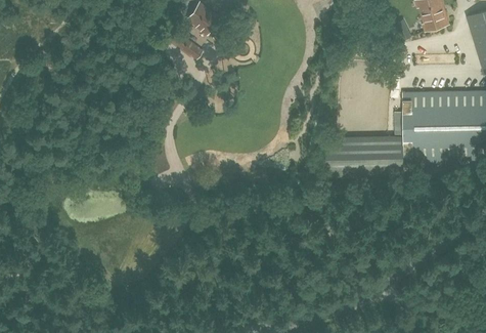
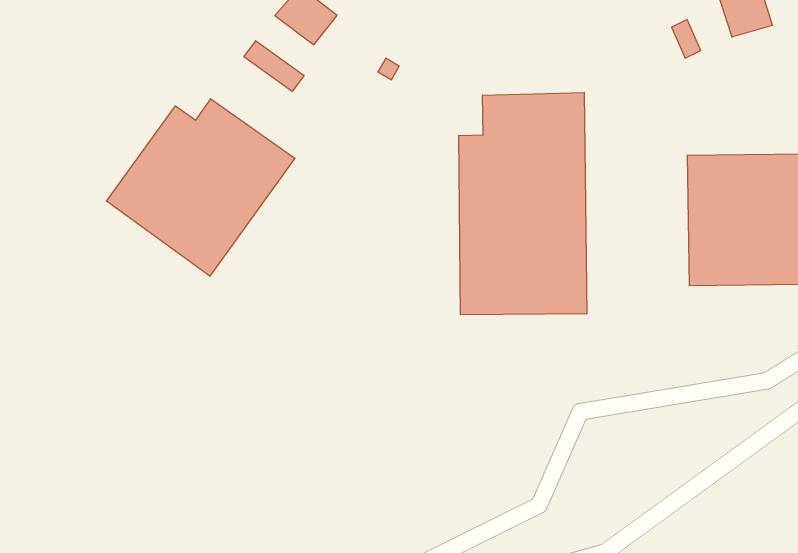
building: none -> [459,92,587,315]
building: none -> [106,99,295,276]

